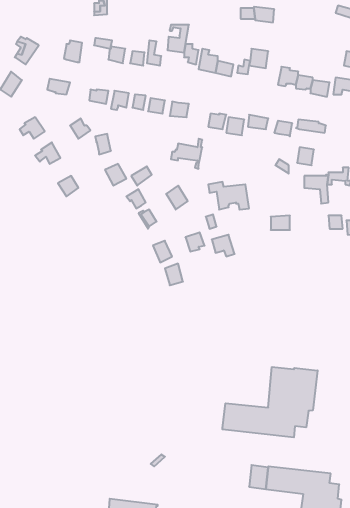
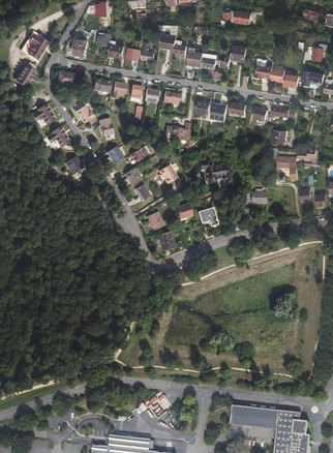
building: [222,367,318,437] -> none

